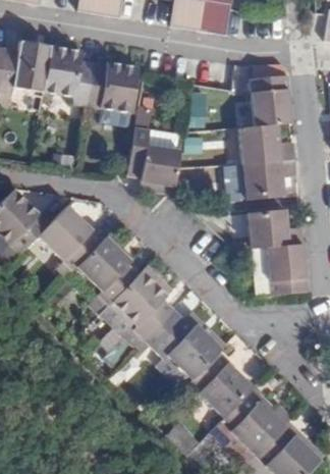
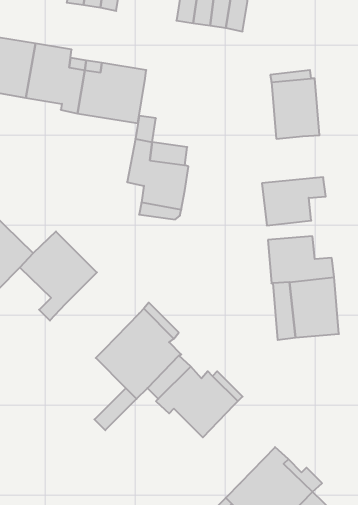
building: [238,123,293,163] -> none
building: [75,234,138,304] -> none
building: [187,351,253,417] -> none

